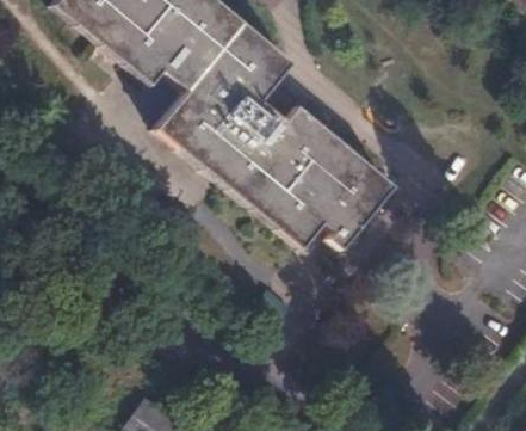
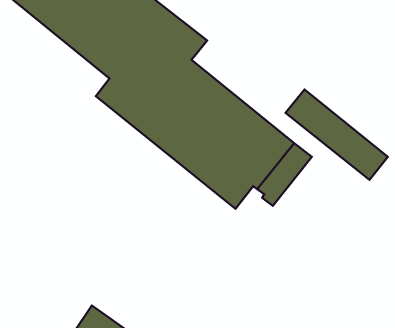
building: none -> [286,90,388,180]

